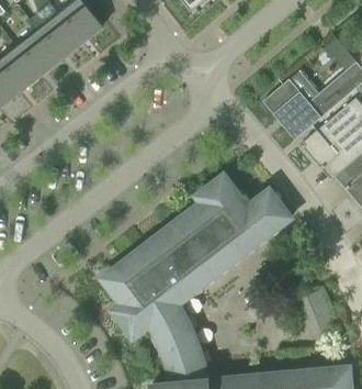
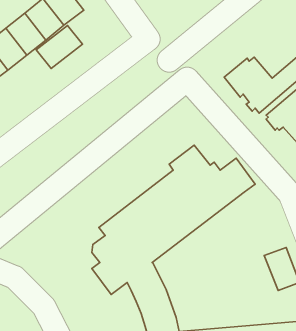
building: none -> [36,26,83,69]

